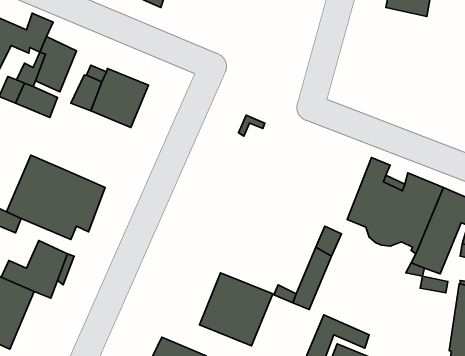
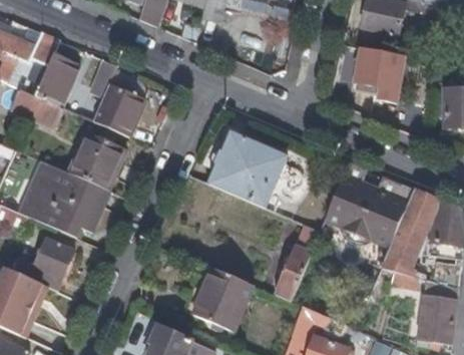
building: none -> [357,48,407,102]
building: none -> [69,132,123,190]
building: none -> [211,135,304,211]

